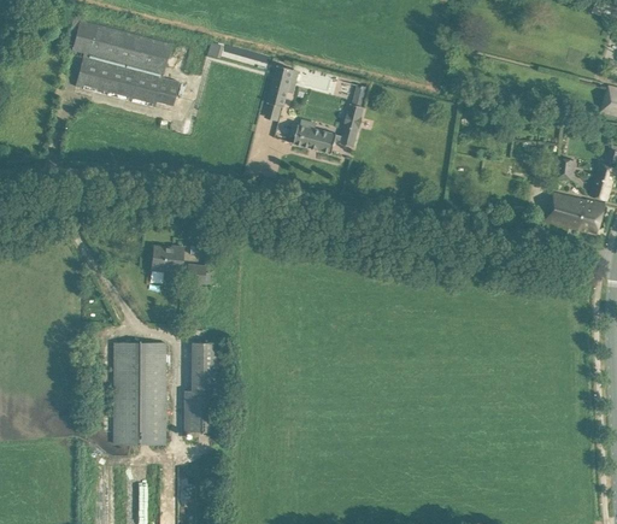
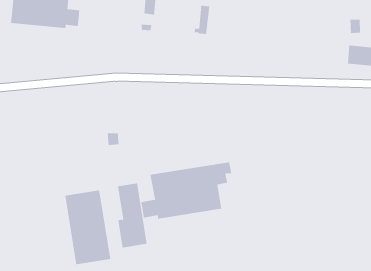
building: [294,123,336,152] -> none
building: [152,245,183,272] -> none
building: none -> [141,161,232,219]

